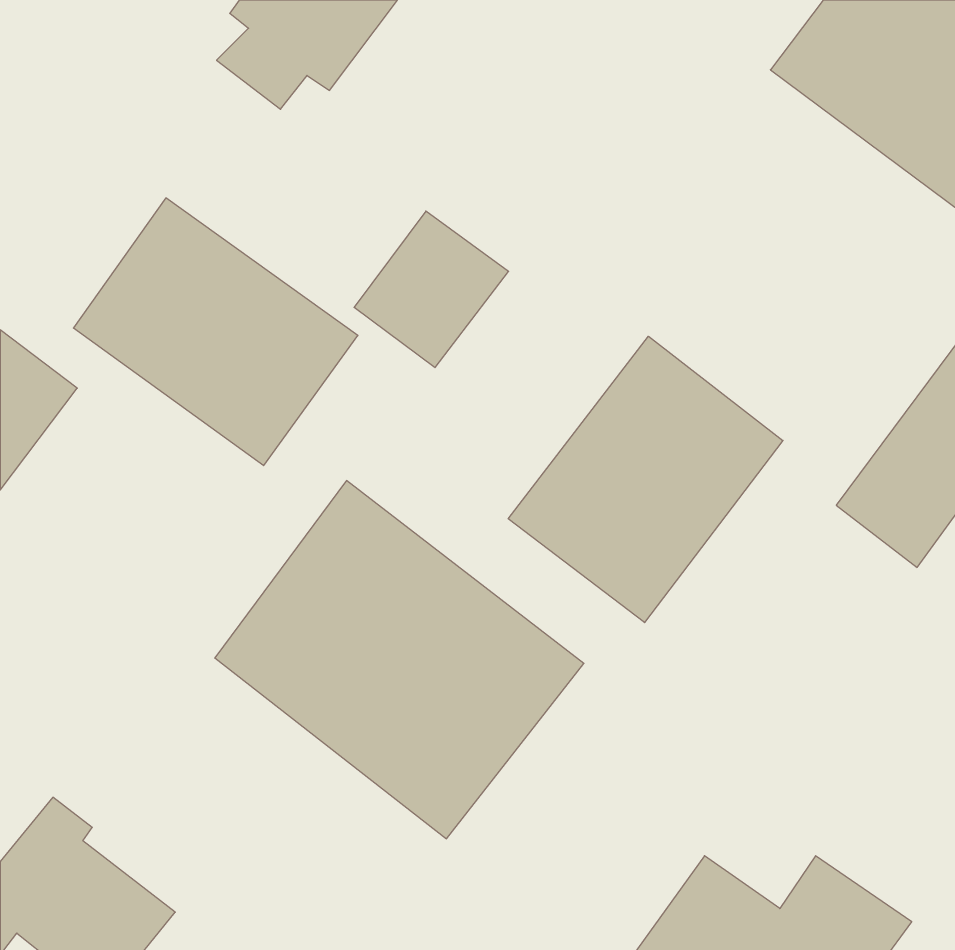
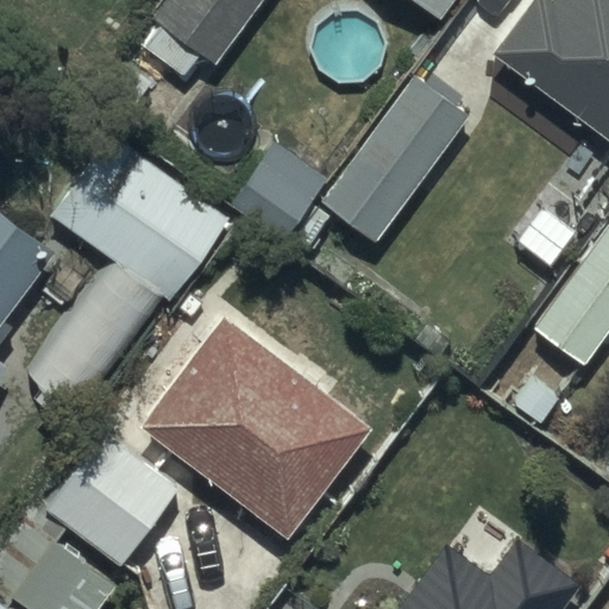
building: none -> [320,77,466,241]
building: [508,336,783,623] -> none
building: none -> [46,431,178,566]

